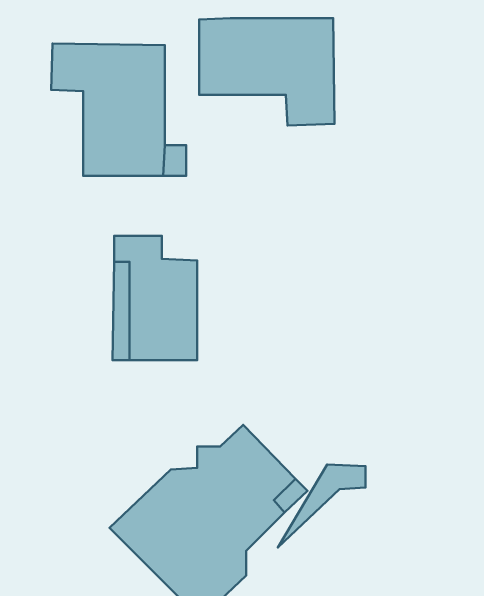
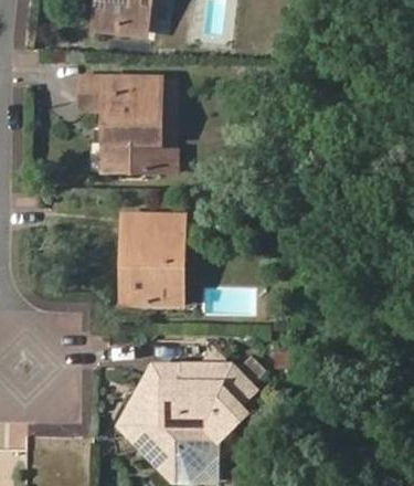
building: [199,18,335,125] -> none
building: [278,465,366,548] -> [120,364,183,424]

